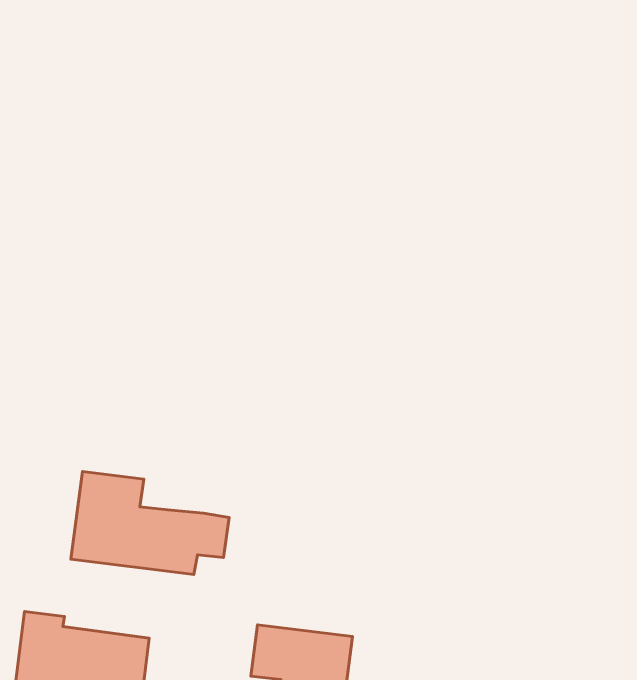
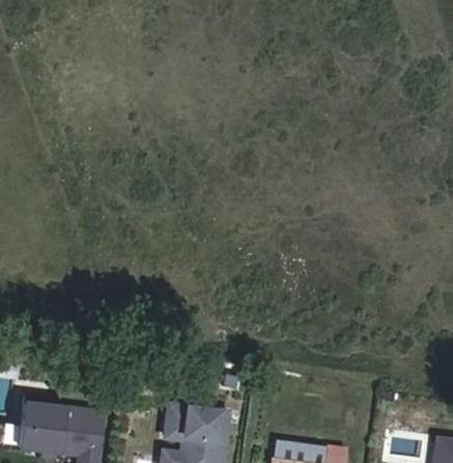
building: [71,471,229,575] -> none

